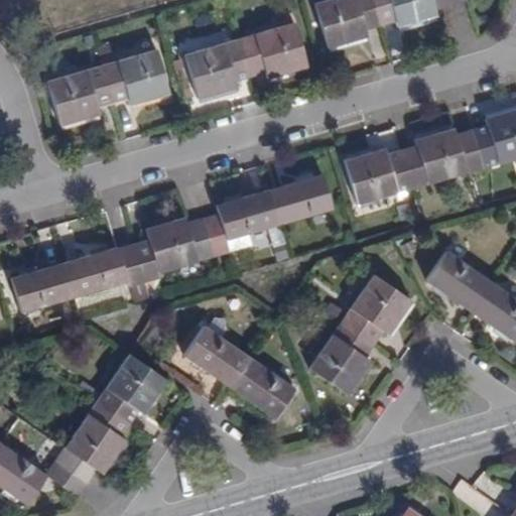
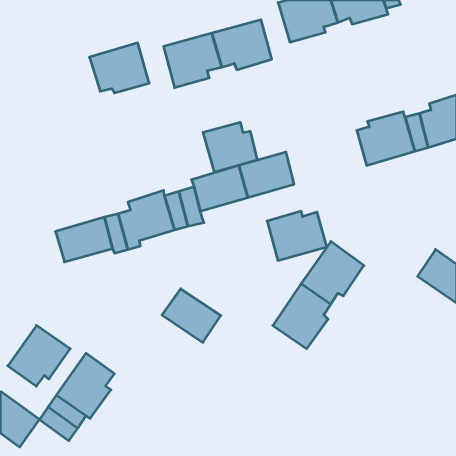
building: [47,66,114,126] -> none
building: none -> [203,122,257,172]
building: [347,147,414,203] -> [267,211,327,260]
building: [425,250,492,312] -> none
building: [11,262,74,311] -> none
building: [98,354,168,422] -> [8,325,70,386]
building: [230,357,294,417] -> none

